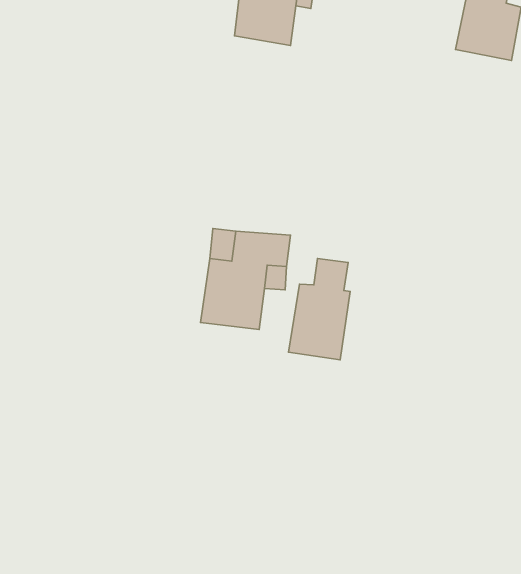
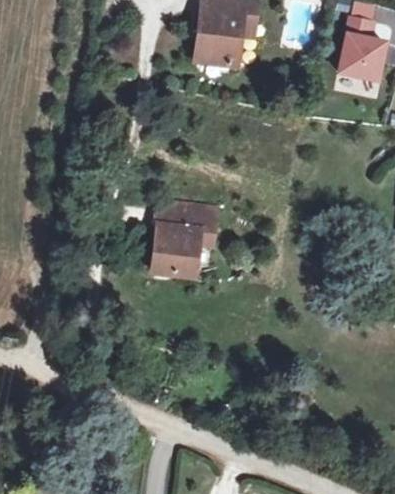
building: [289,259,350,360] -> none

